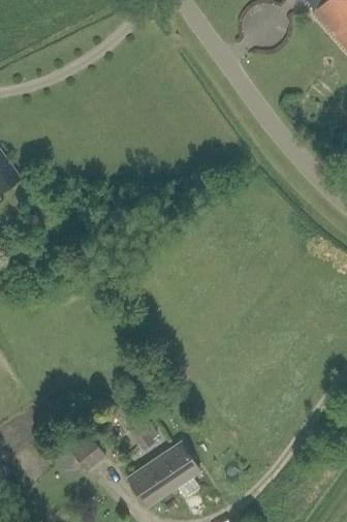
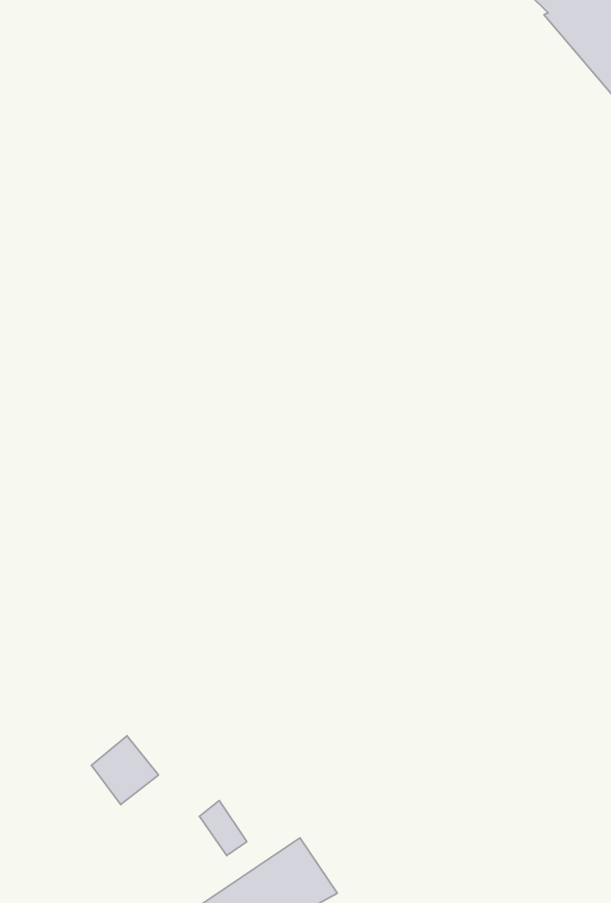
building: [70,436,105,472] -> [91,736,158,805]

